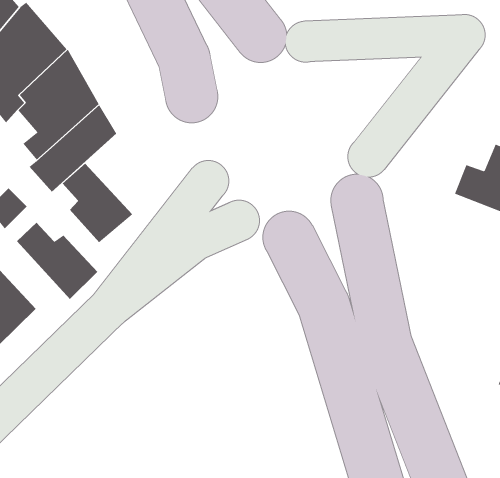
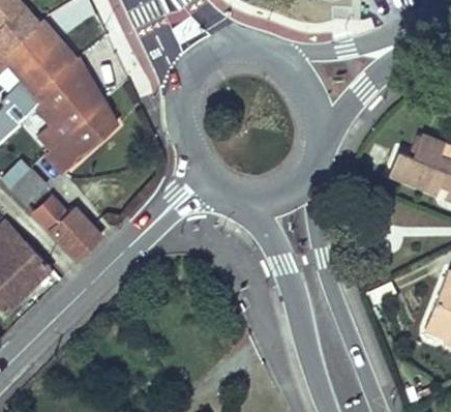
building: [62,163,133,243] -> none

